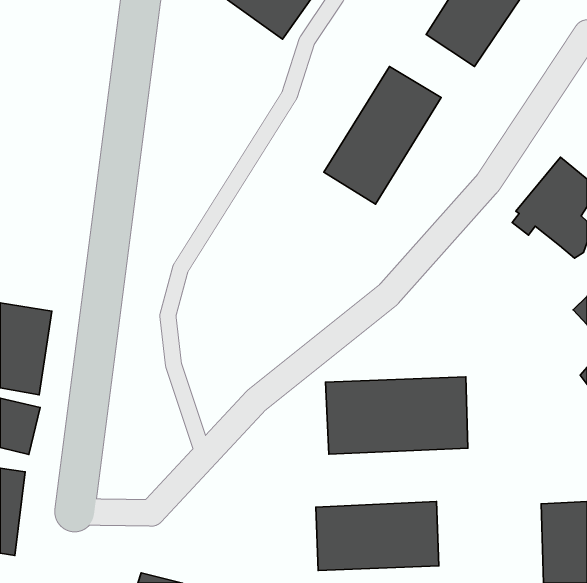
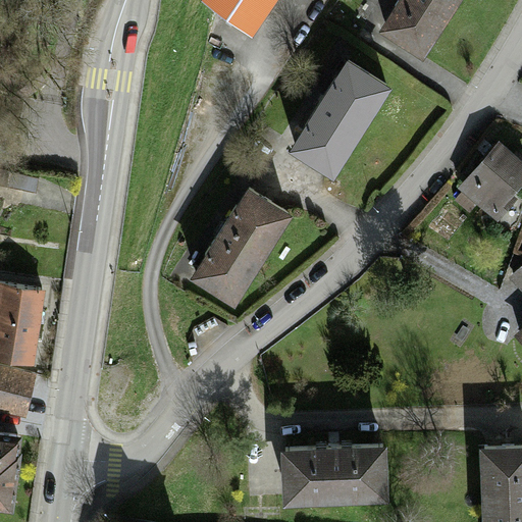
building: none -> [189,187,294,308]
building: [326,377,468,454] -> none

